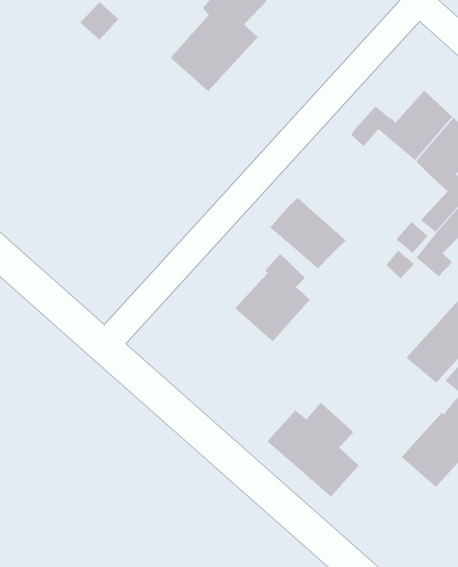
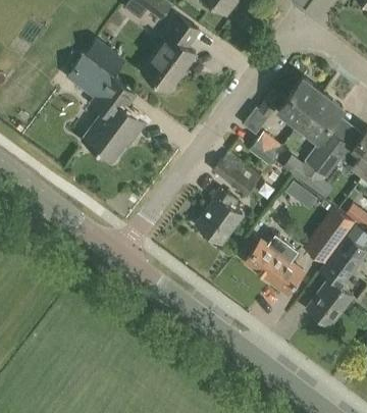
building: none -> [67,56,145,162]
building: none -> [250,133,283,166]
building: [267,402,359,497] -> [245,236,304,295]

